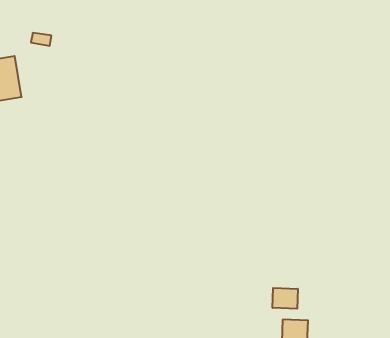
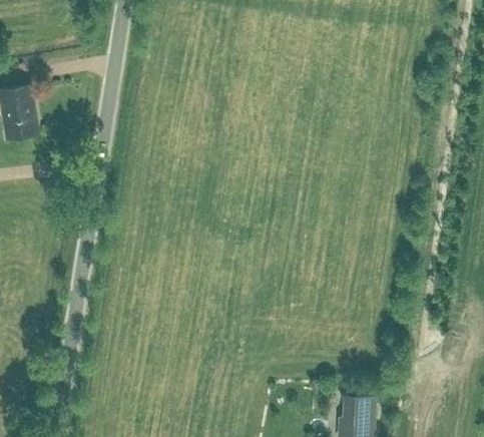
building: [273,288,298,309] -> none

